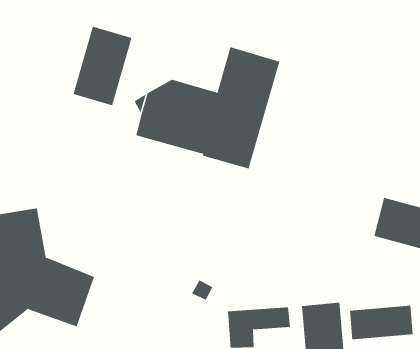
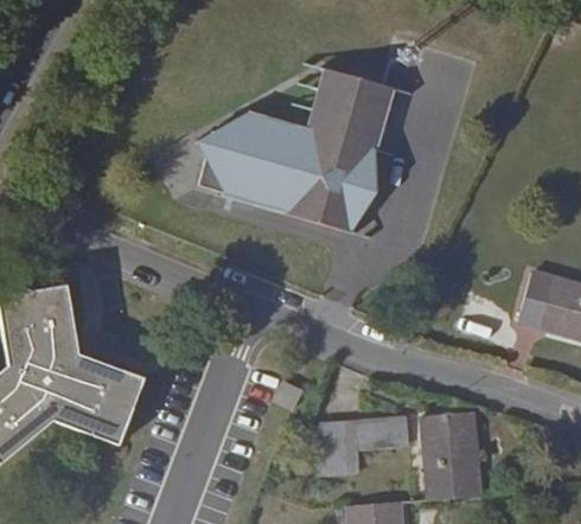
building: [73,26,132,106] -> none
building: [349,305,413,340] -> none

